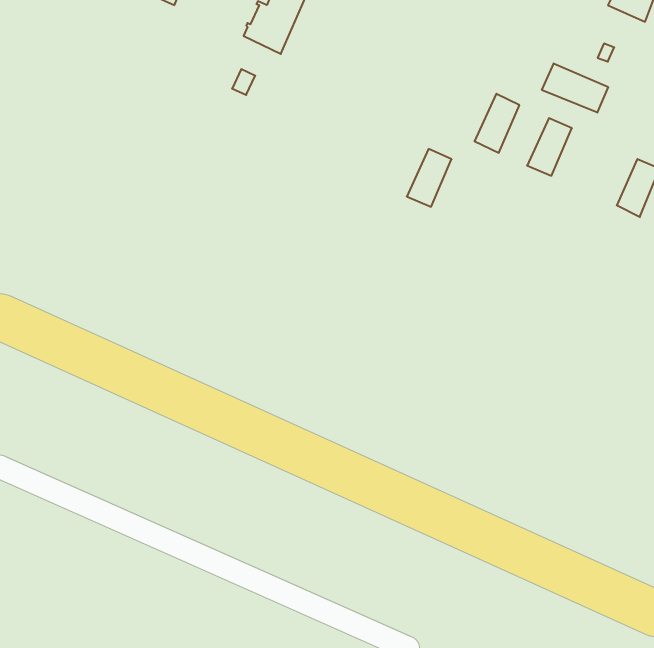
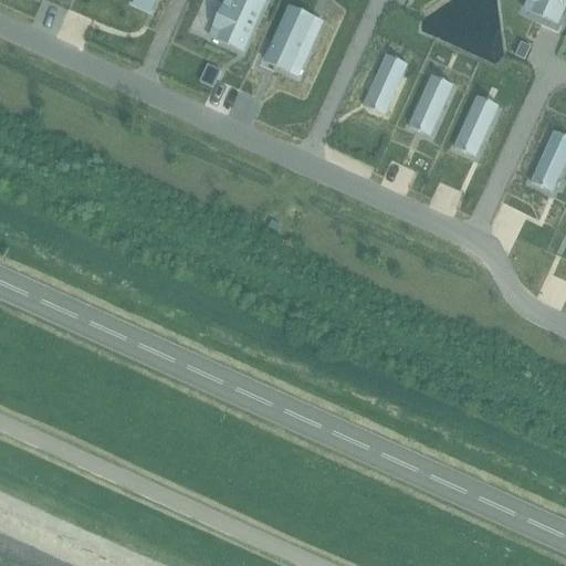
building: none -> [266,11,312,71]
building: [542,63,608,113] -> none
building: [407,149,452,207] -> [365,61,403,111]

